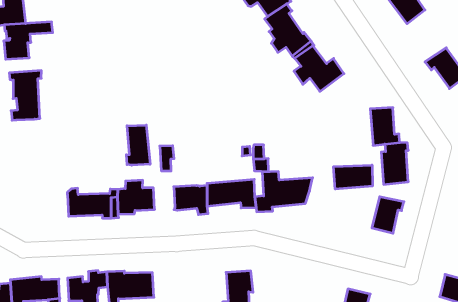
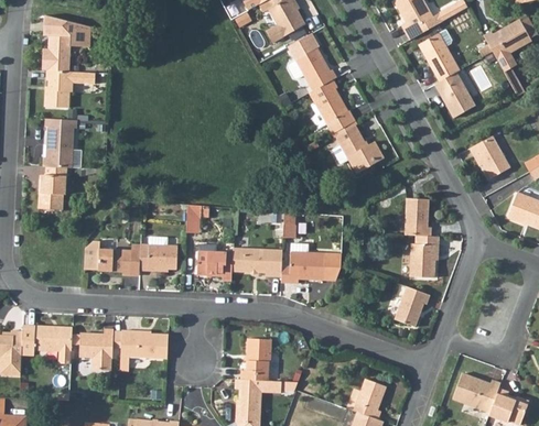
building: none -> [36,166,64,208]
building: [126,125,150,165] -> none
building: [334,165,372,189] -> none

